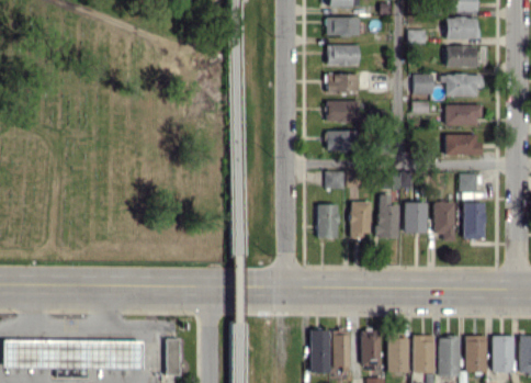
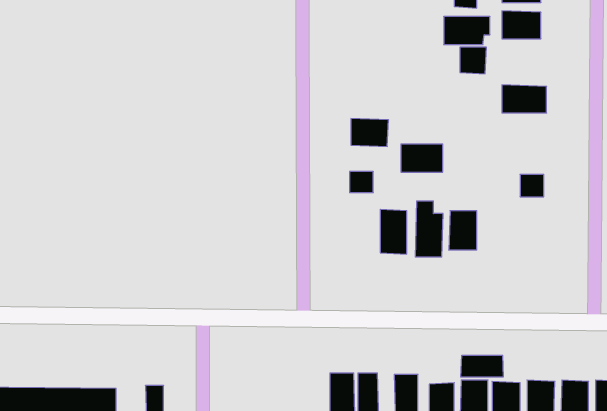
building: [327,44,359,66] -> none
building: [327,74,360,92] -> none
building: [445,74,482,95] -> [444,17,490,45]
building: [327,100,360,122] -> [401,144,443,172]
building: [443,134,479,155] -> none
building: [433,201,455,240] -> none
building: [463,202,485,238] -> none
building: [318,204,339,237] -> none
building: none -> [461,355,503,377]

